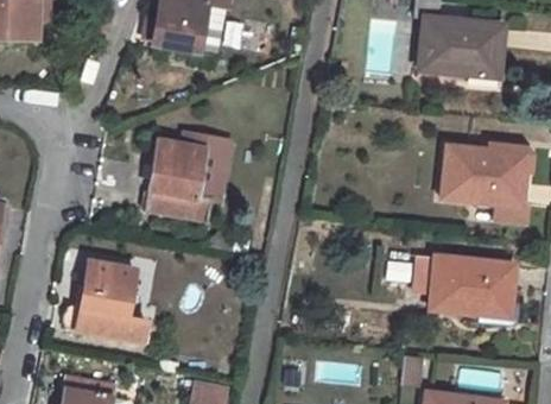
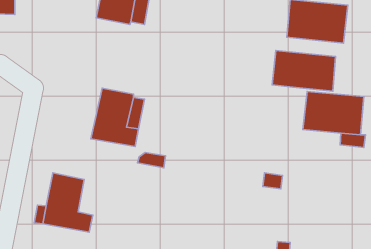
building: none -> [272,50,336,91]
building: [430,257,515,316] -> none

